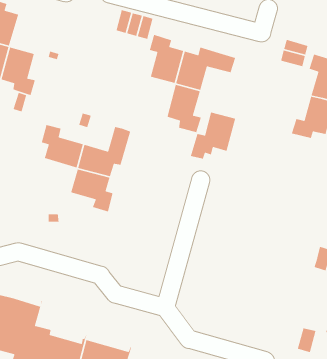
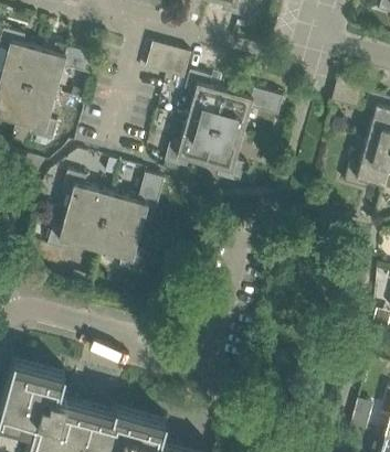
building: none -> [28,44,95,93]
building: [190,111,236,160] -> [162,119,214,173]
building: none -> [48,211,104,251]

